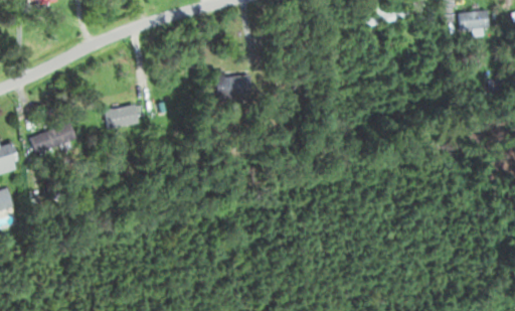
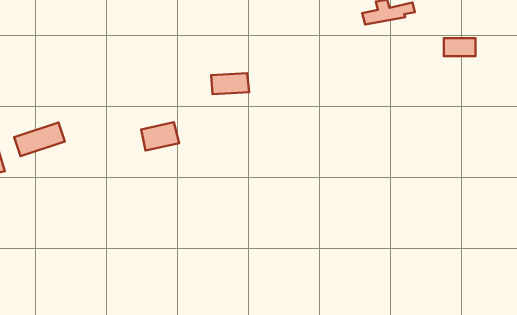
building: [460,11,490,28] -> [444,38,475,56]
building: [104,104,140,131] -> [141,122,179,151]

